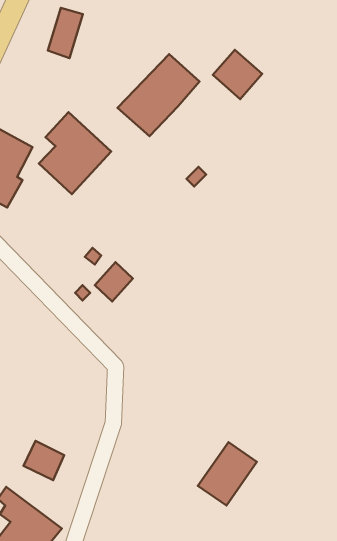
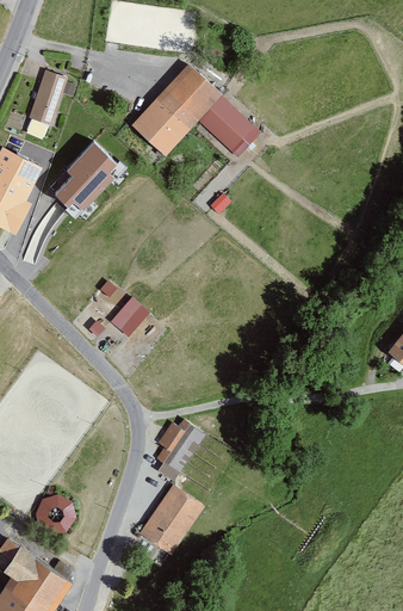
building: [48,8,83,58] -> [30,70,68,125]
building: [213,50,262,99] -> [199,97,253,150]
building: none -> [157,421,202,471]
building: [198,442,257,506] -> [141,486,205,555]

